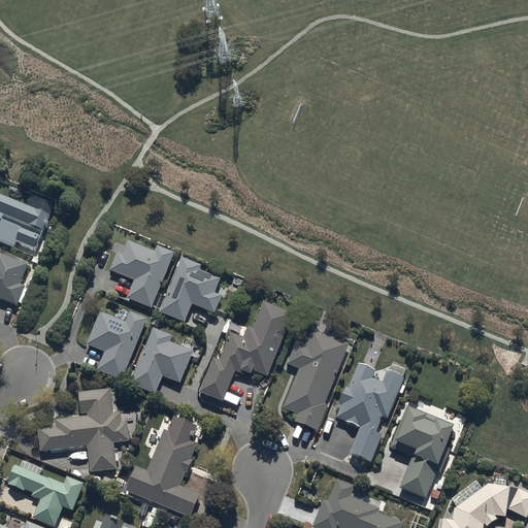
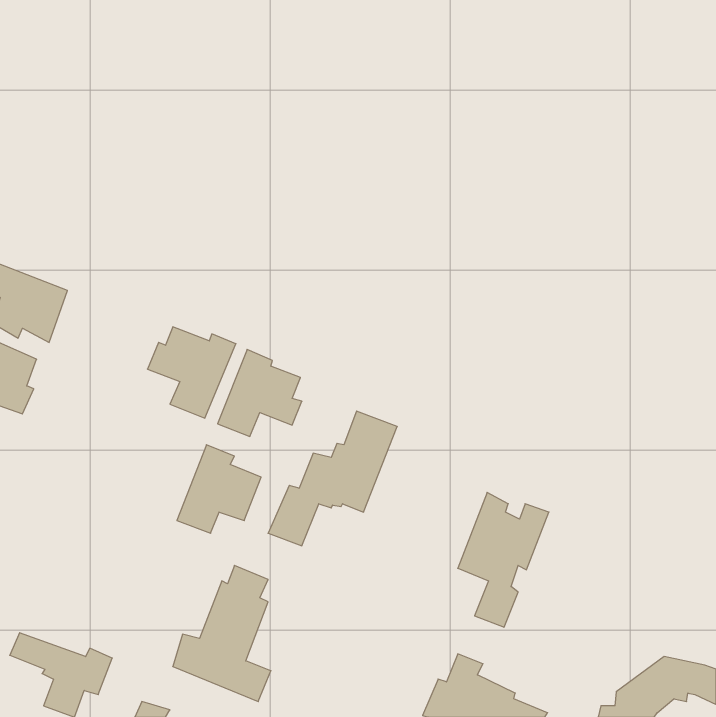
building: [85,310,148,381] -> none
building: [282,329,349,430] -> none
building: [37,389,130,473] -> none
building: [390,406,452,498] -> none

